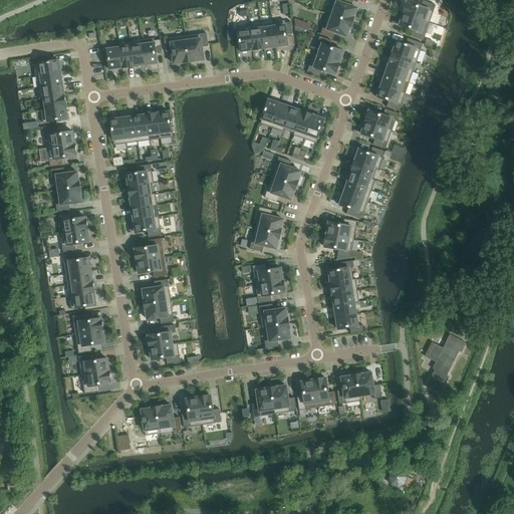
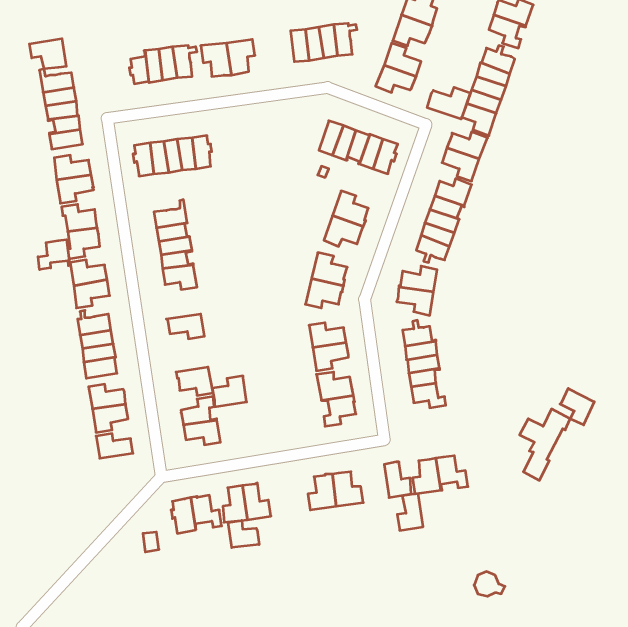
building: none -> [29,39,66,69]
building: none -> [427,87,470,119]
building: none -> [38,240,70,270]
building: [135,237,164,260] -> none
building: [142,278,170,303] -> [212,376,247,407]
building: none -> [560,388,594,425]
building: [81,369,110,393] -> none
building: [296,378,317,409] -> [397,494,423,530]
building: none -> [228,520,259,548]

